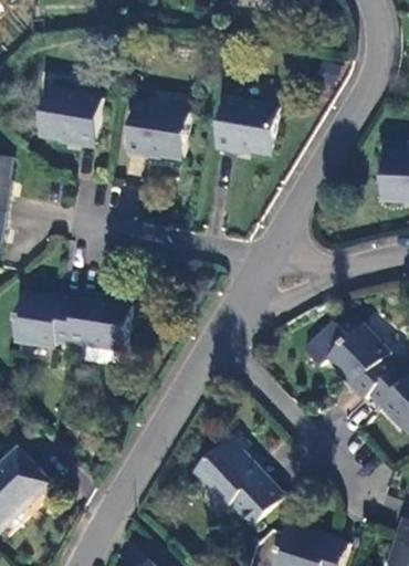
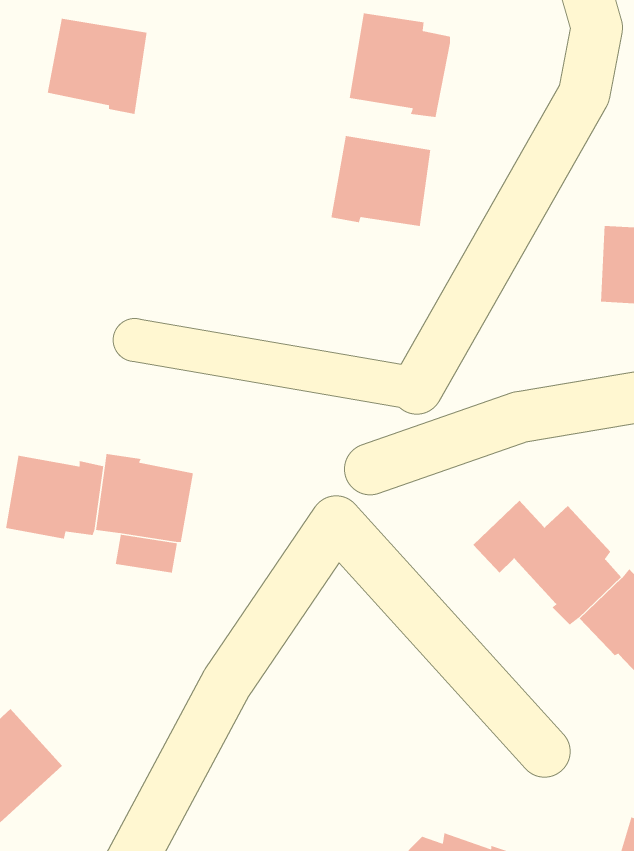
building: none -> [349,13,451,118]
building: [39,88,101,148] -> [47,18,148,115]
building: [126,103,188,159] -> none
building: [192,431,284,526] -> none

